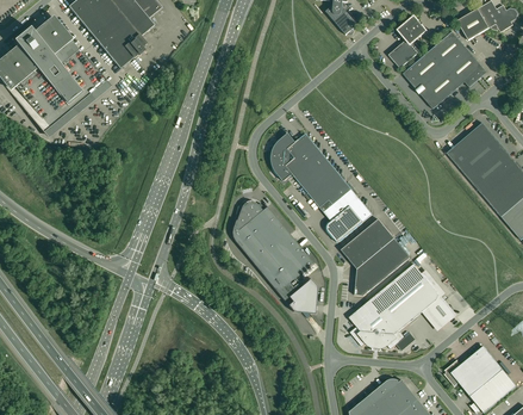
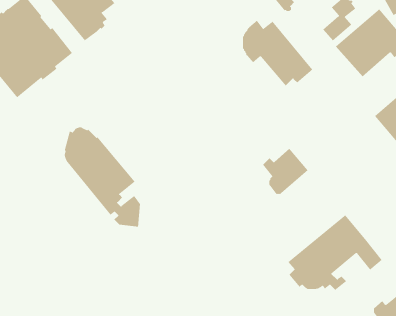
building: [270,132,350,208] -> [242,20,313,86]
building: [231,200,318,314] -> [64,127,141,227]
building: [341,218,409,296] -> none

